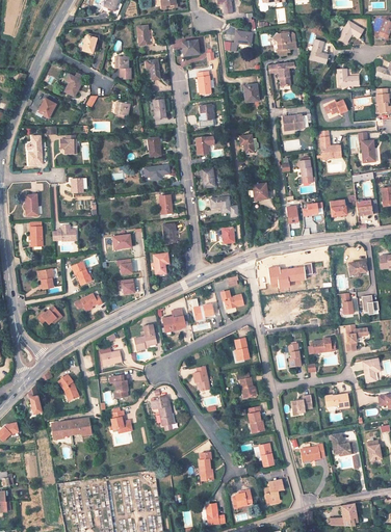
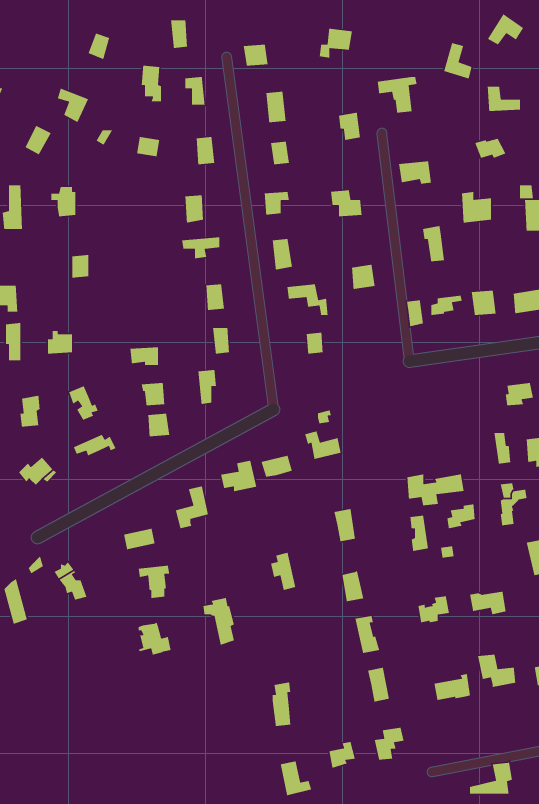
building: [270,34,294,57] -> none
building: [268,267,306,288] -> [406,474,465,506]
building: [56,419,95,440] -> none

